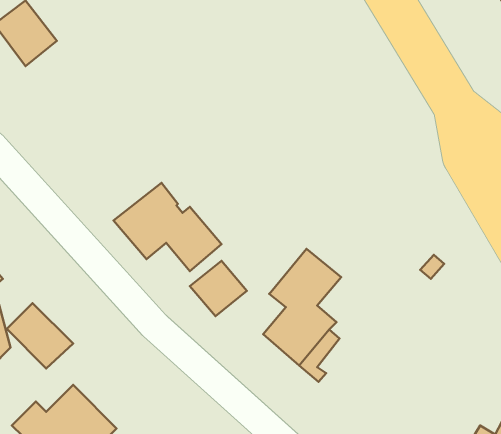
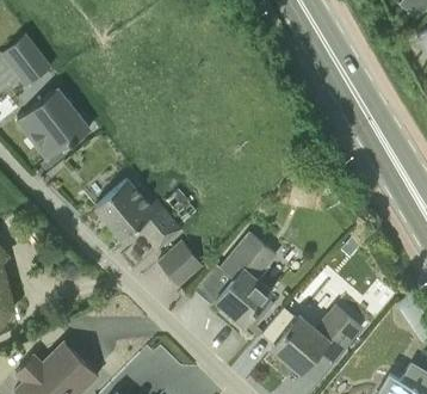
building: none -> [17,88,91,160]
building: [7,303,73,369] -> none
building: none -> [272,304,363,374]

